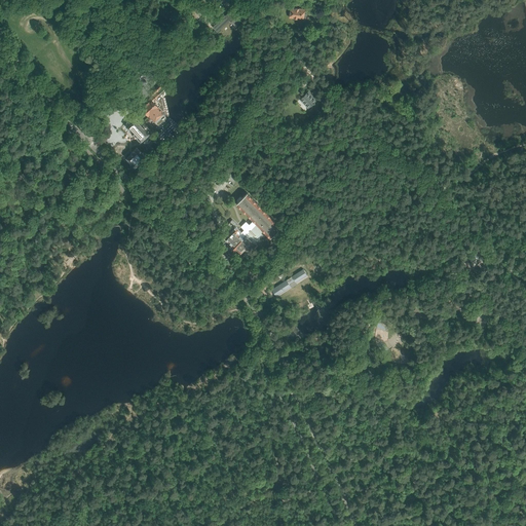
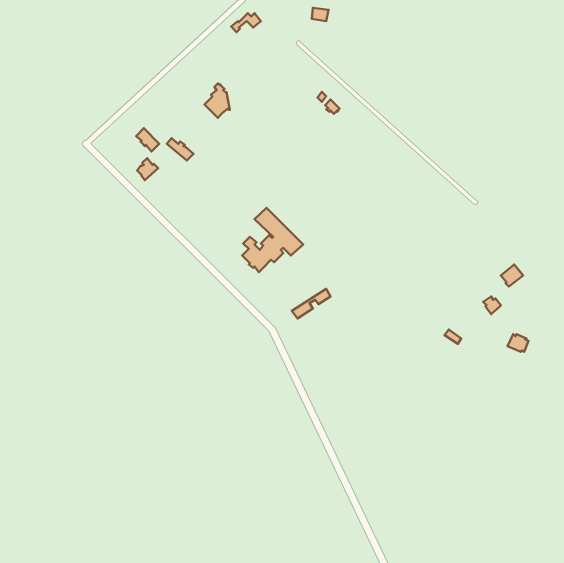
building: [143,91,166,123] -> [204,83,230,118]

